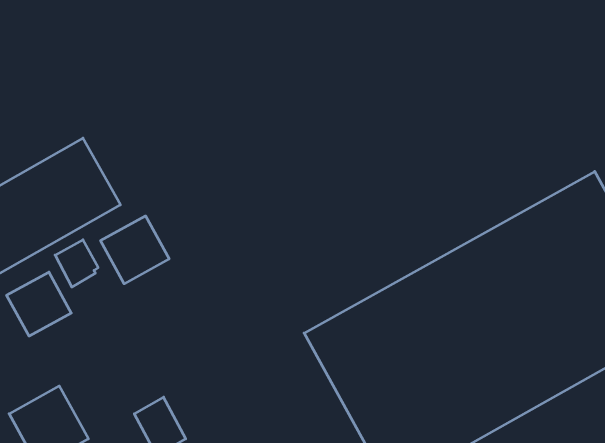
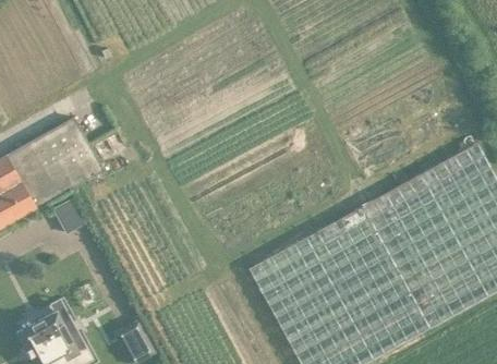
building: [101,216,169,284] -> none
building: [7,272,71,336] -> none

